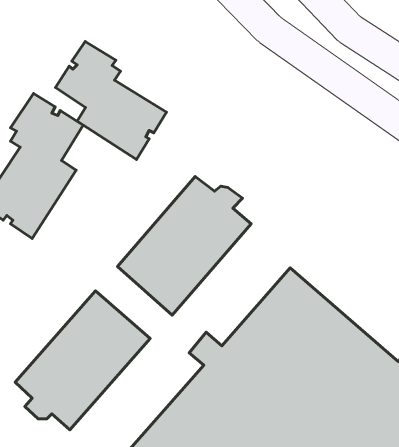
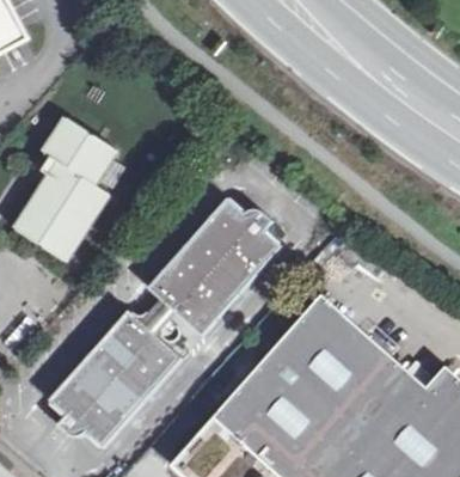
building: [55,42,167,159] -> none
building: none -> [129,288,204,359]

